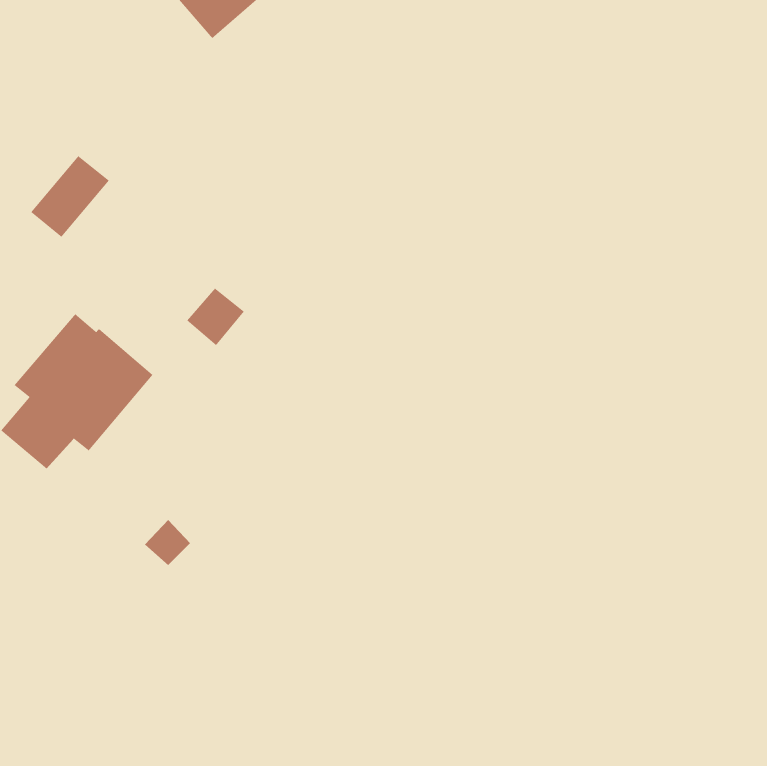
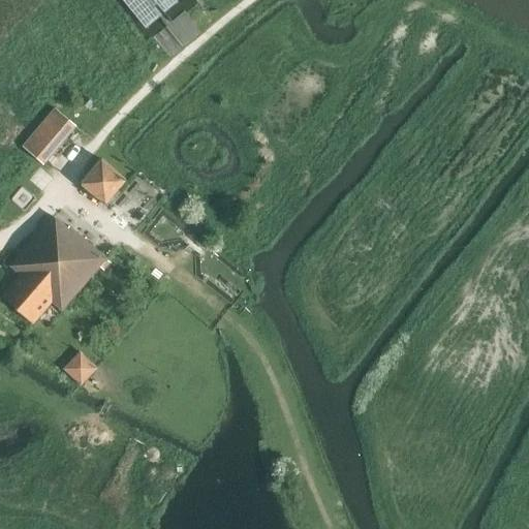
building: [186,287,245,346] -> [84,162,124,203]
building: [144,519,191,566] -> [62,350,94,382]

